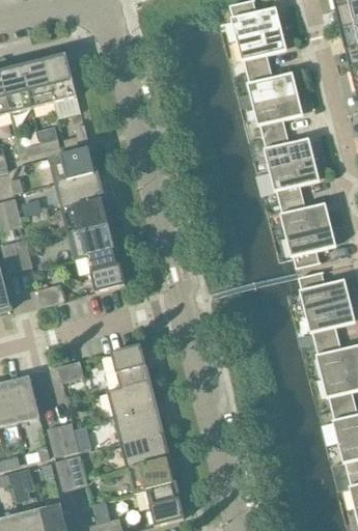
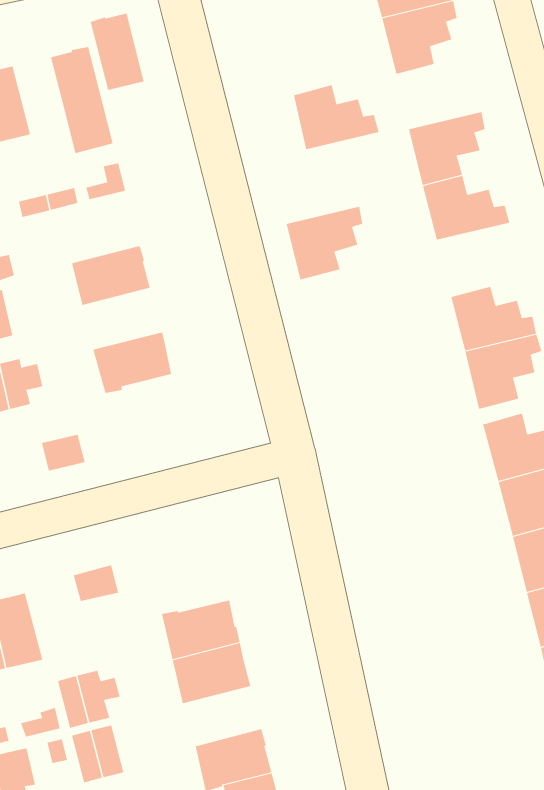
building: [22,61,54,107] -> [90,13,145,90]
building: [247,65,298,104] -> [293,85,380,150]
building: [50,146,97,183] -> none
building: [271,159,316,202] -> [286,206,363,280]
building: [62,197,110,233] -> none
building: [86,248,125,291] -> none
building: [111,344,149,388] -> none
building: [121,431,168,467] -> none

